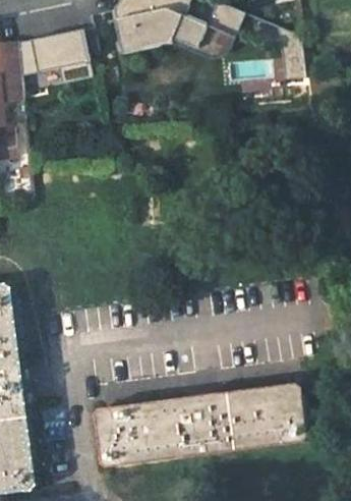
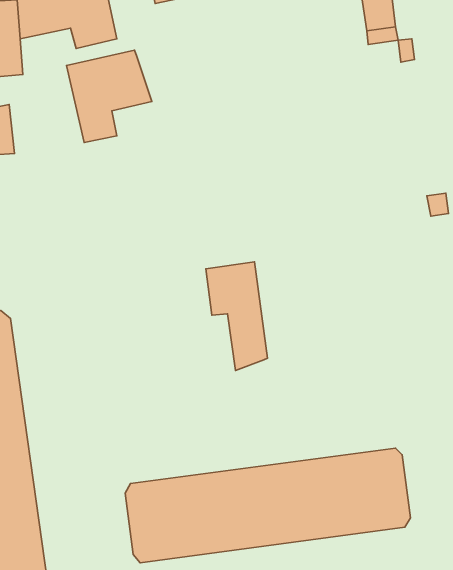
building: none -> [67,50,152,142]
building: none -> [206,262,268,370]

